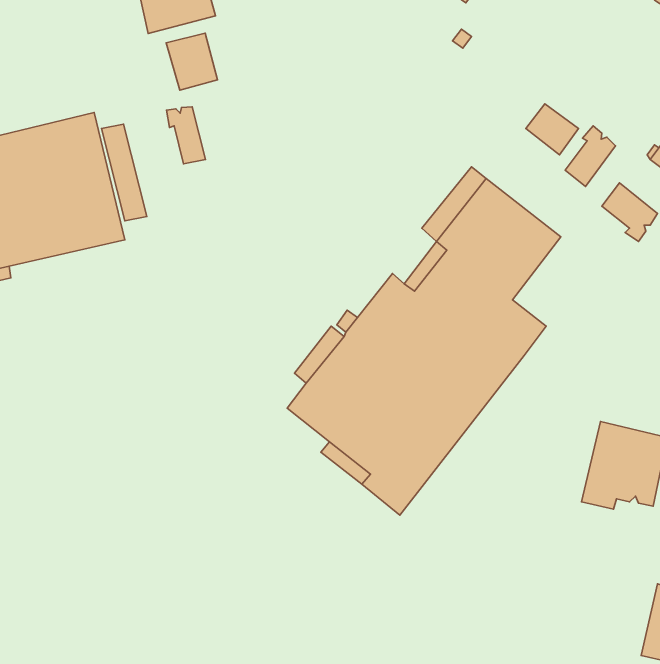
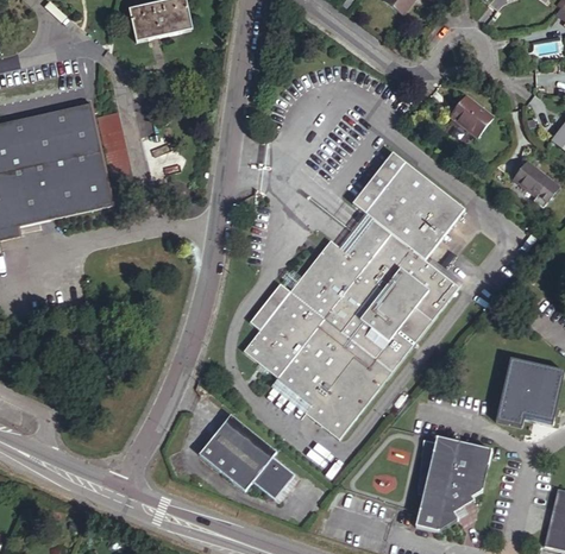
building: [166,33,217,90] -> none
building: [166,107,206,164] -> none
building: [565,126,615,186] -> none
building: none -> [199,410,290,492]
building: none -> [413,436,489,529]

